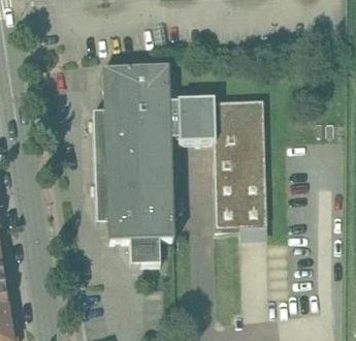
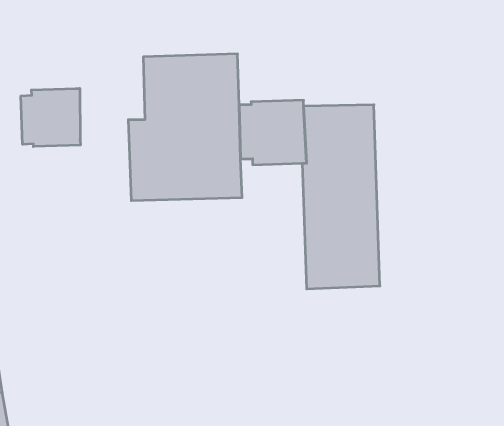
building: none -> [21,88,80,147]
building: [95,166,174,266] -> none

